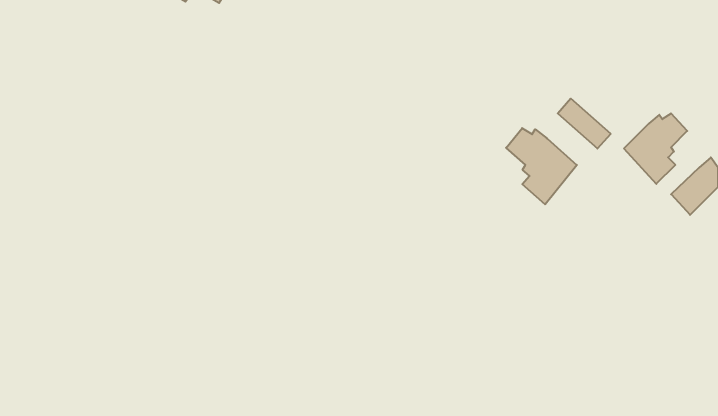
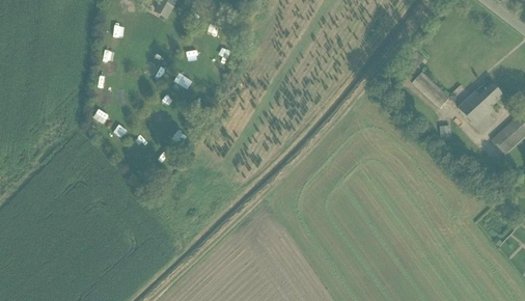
building: [506,128,577,204] -> none

